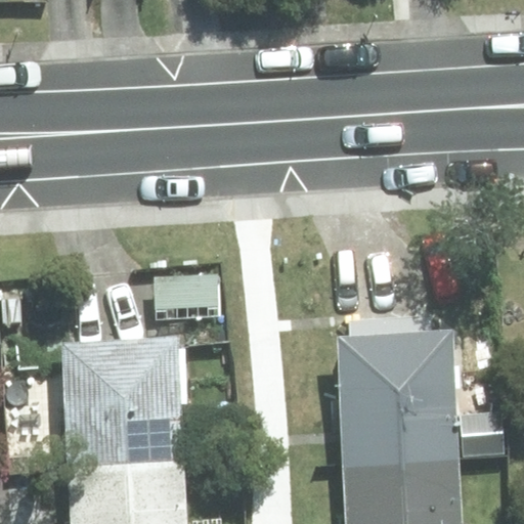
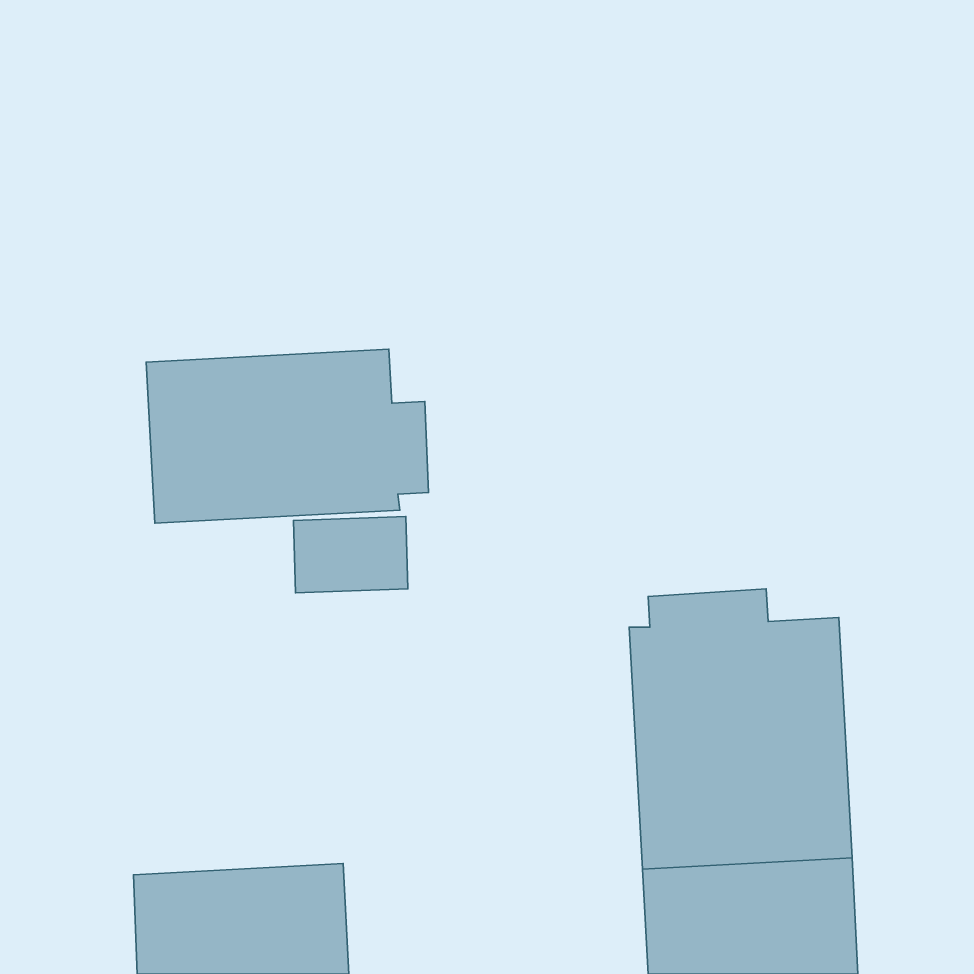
building: none -> [146,349,429,523]
building: [64,341,184,470] -> none

